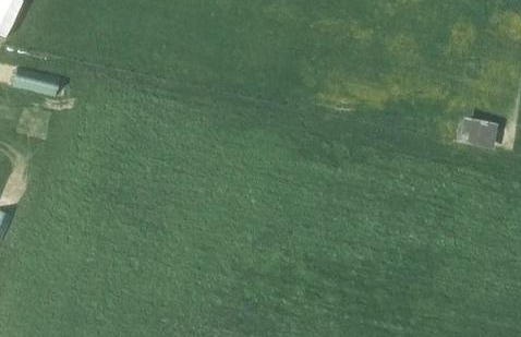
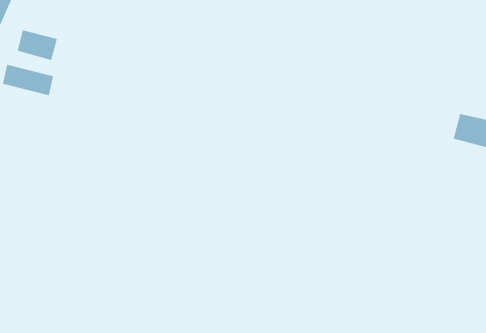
building: none -> [17,29,57,61]

